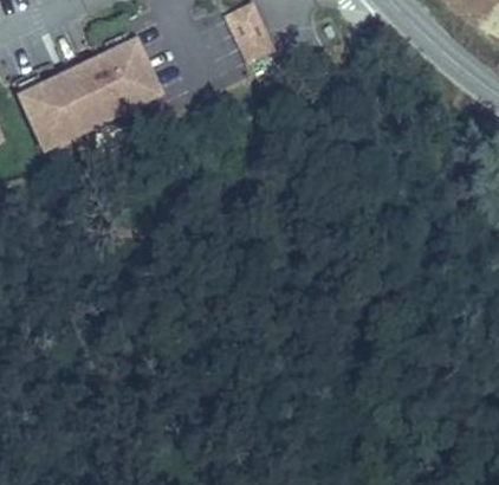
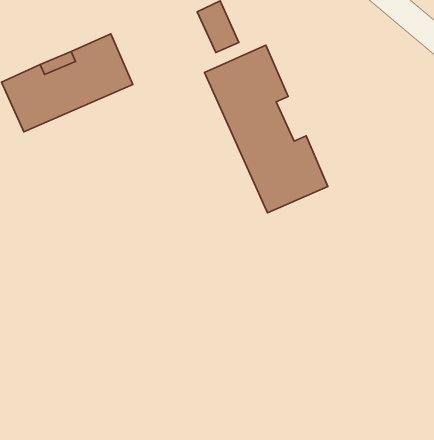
building: none -> [205,45,328,213]

